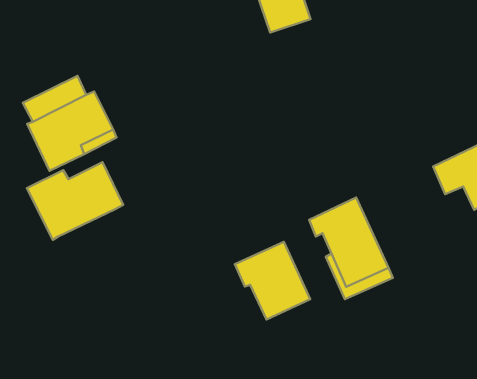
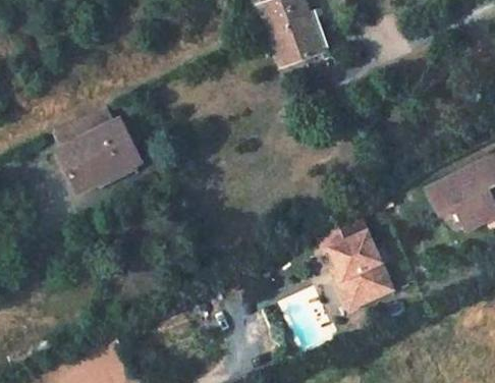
building: [27,162,123,240] -> none
building: [235,242,310,320] -> none

